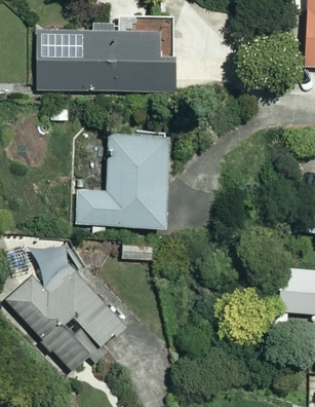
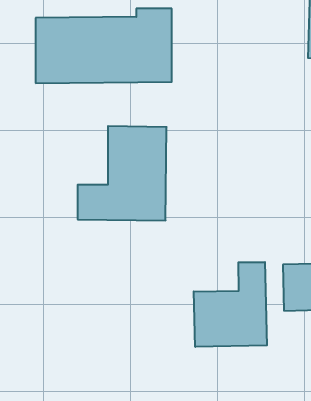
building: [6,252,125,372] -> none
building: none -> [194,262,267,347]

